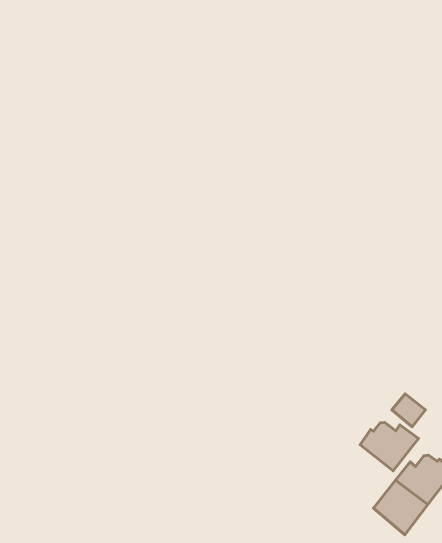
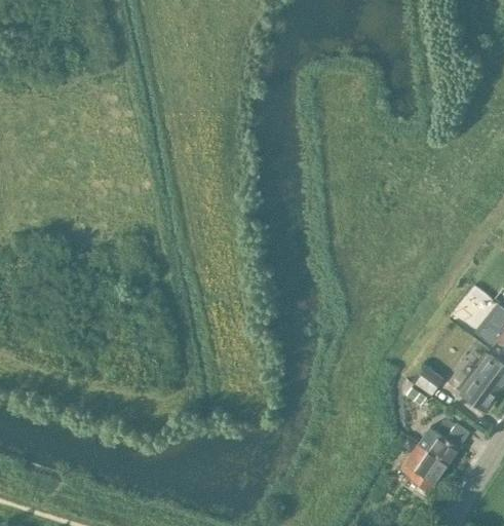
building: [360,423,419,471] -> none

